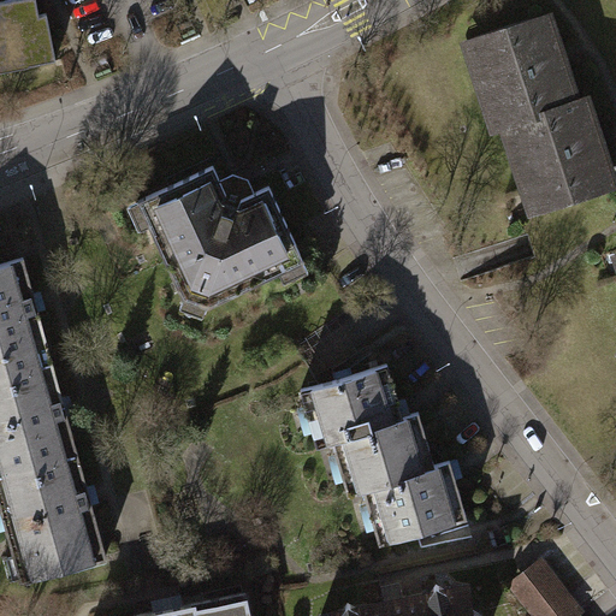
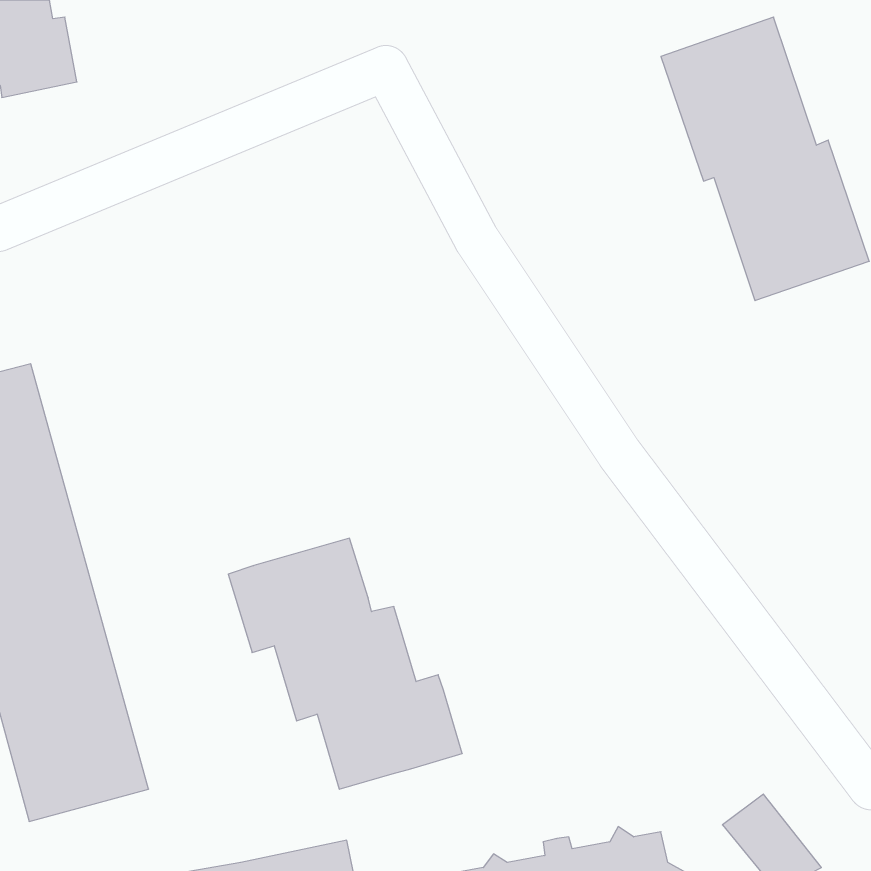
building: [141,171,303,307] -> none
building: [301,365,466,541] -> [228,538,462,789]

